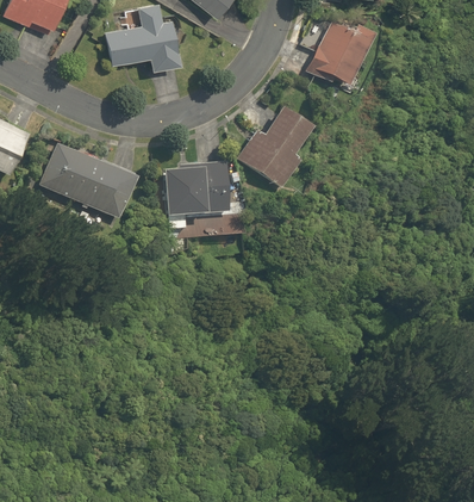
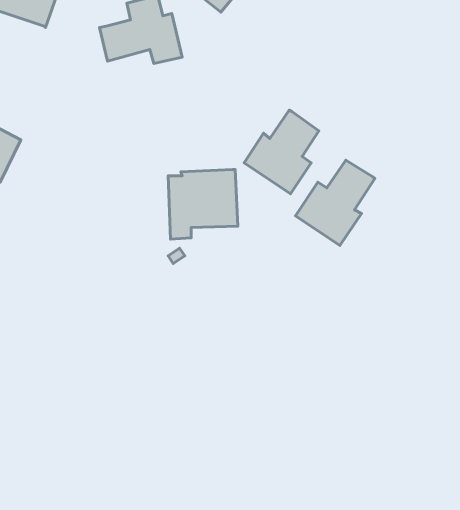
building: [306,23,373,87] -> none
building: [38,141,136,221] -> none
building: none -> [296,160,375,245]

